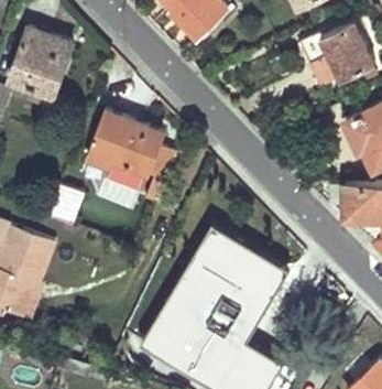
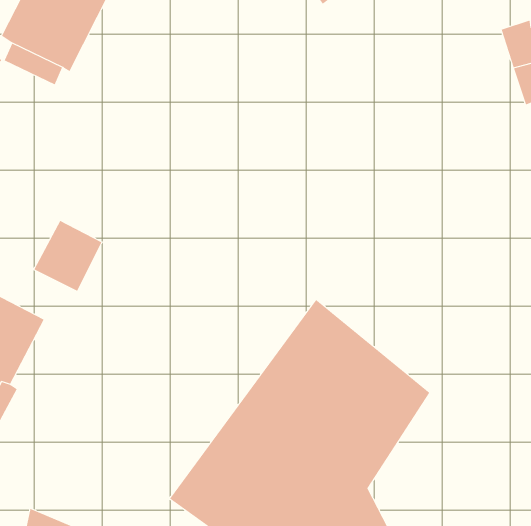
building: [84,123,161,181] -> none

